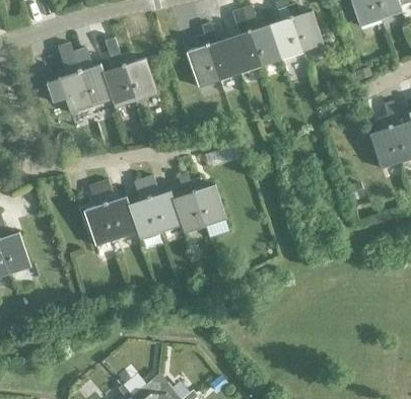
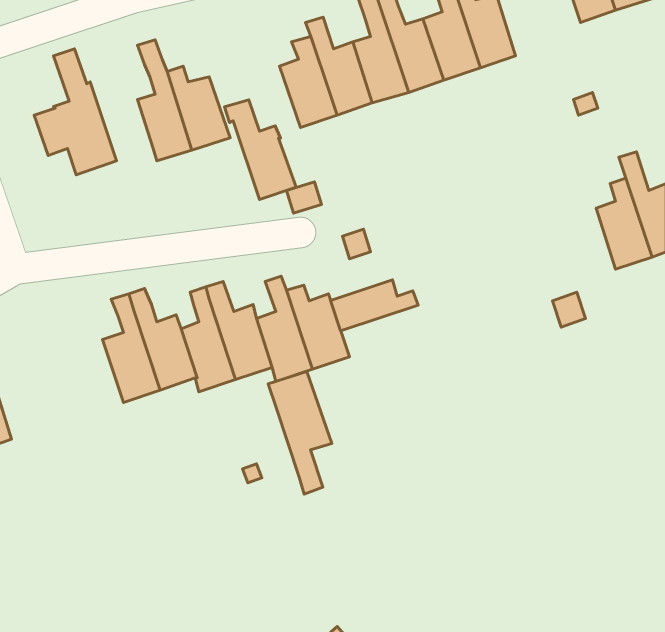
building: [71,49,113,106] -> [224,100,296,200]
building: none -> [331,280,418,331]
building: none -> [268,372,332,494]

